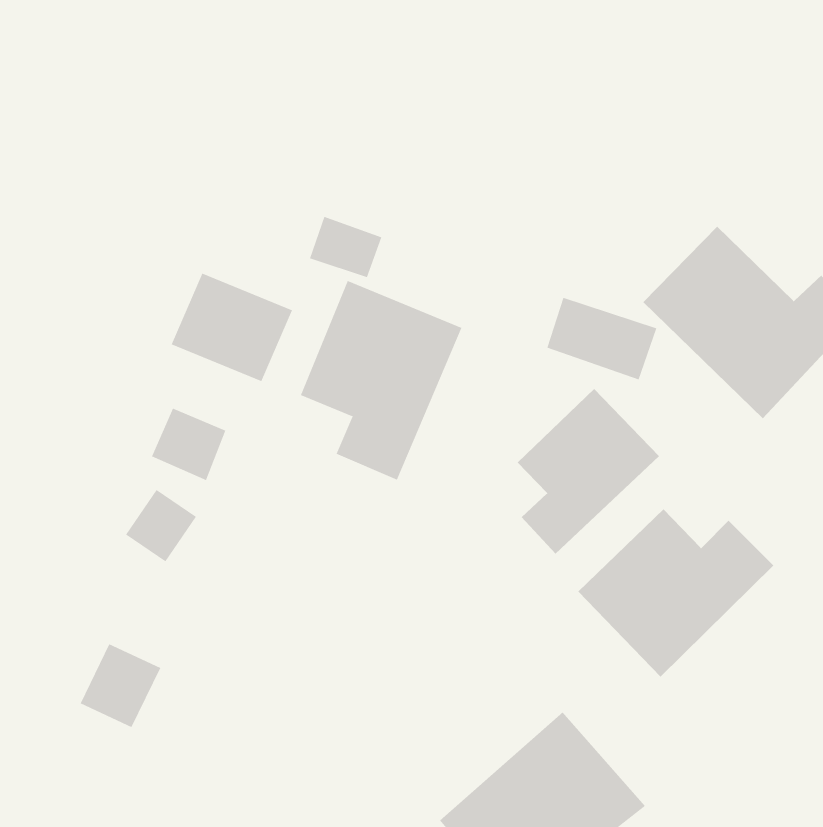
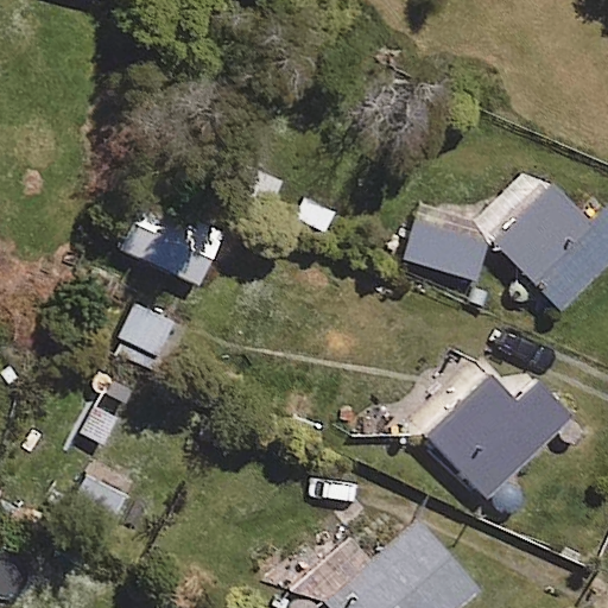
building: [300,280,462,481] -> none
building: [517,388,660,554] -> none

